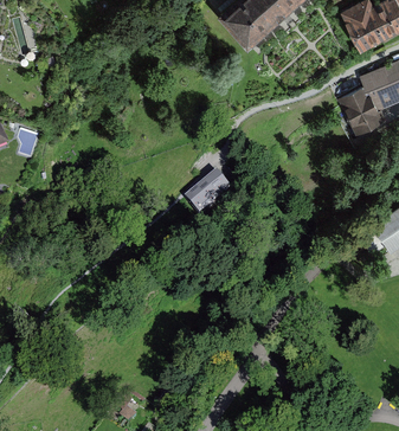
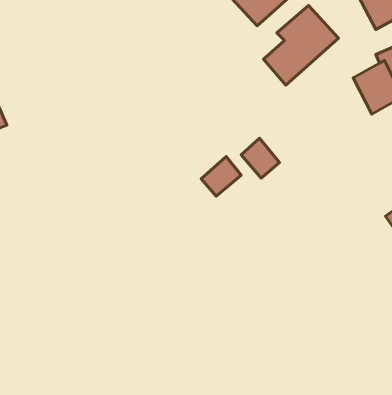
building: none -> [264,6,339,85]
building: none -> [241,138,279,178]

